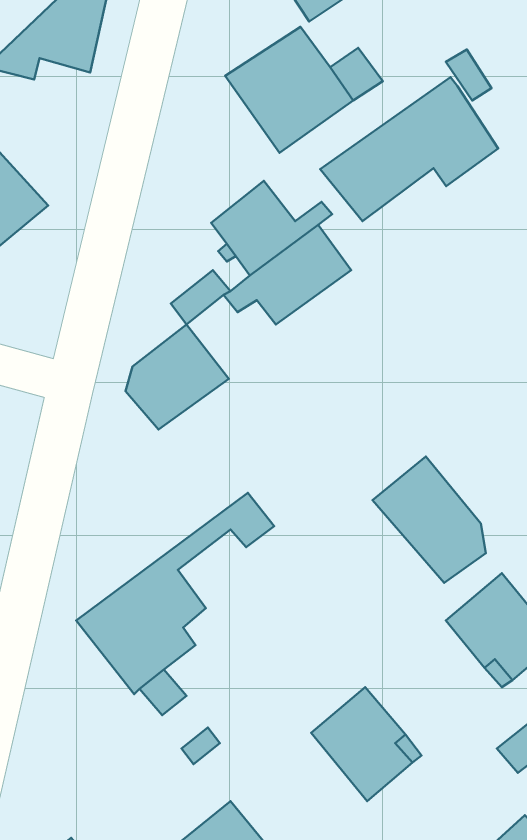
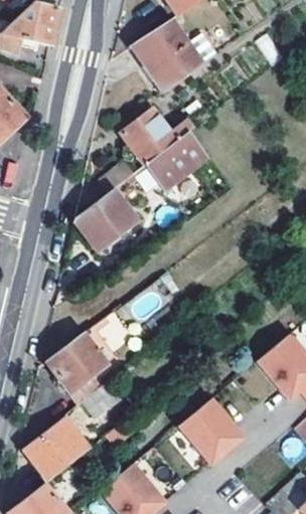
building: [320,77,498,221] -> none
building: [373,456,486,583] -> none
building: none -> [22,413,89,481]

